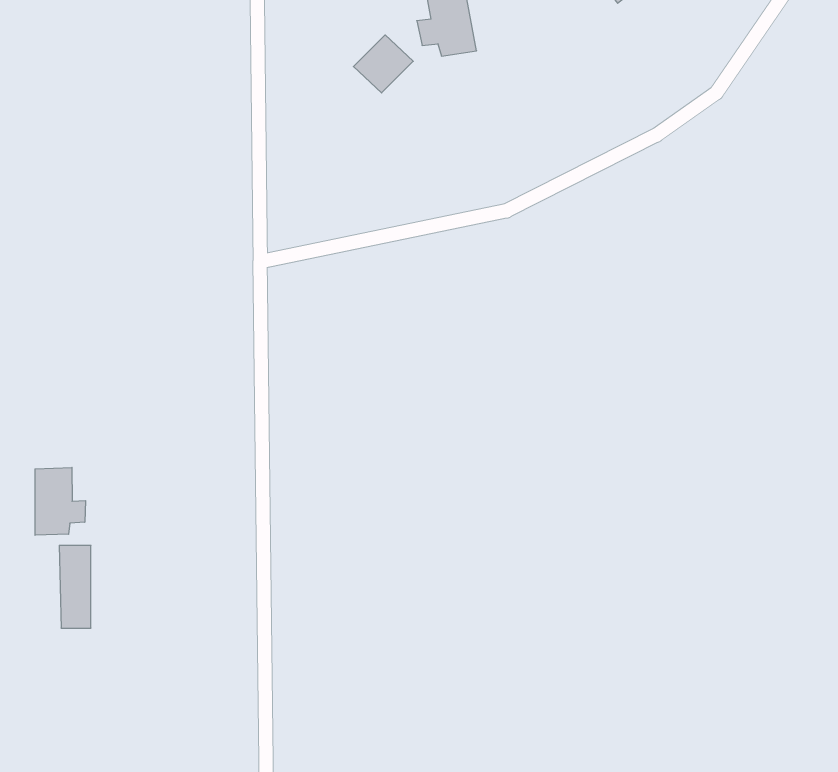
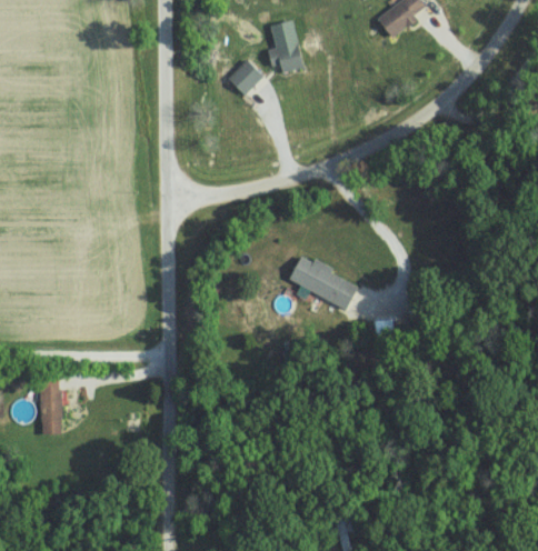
building: none -> [289,256,359,309]
building: [35,467,85,535] -> none

